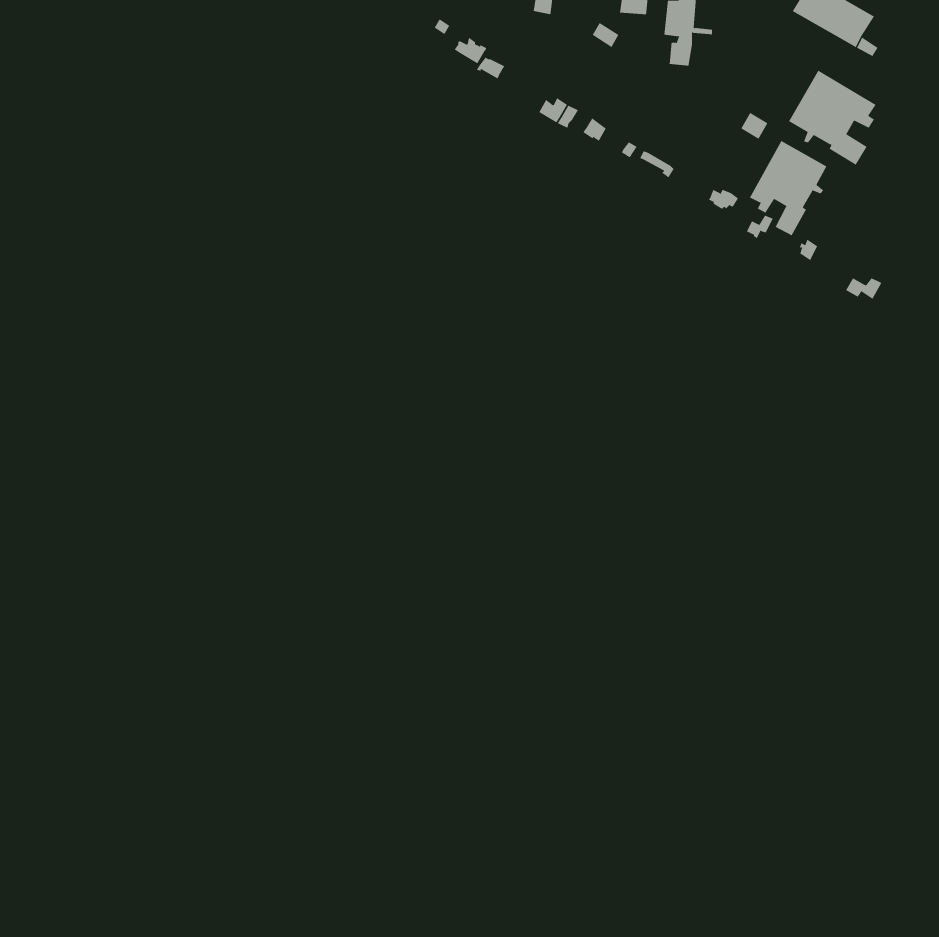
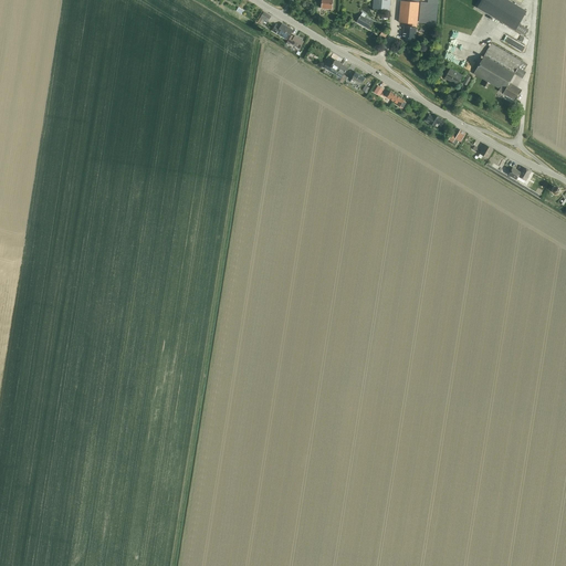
building: [749,140,827,236] -> none

